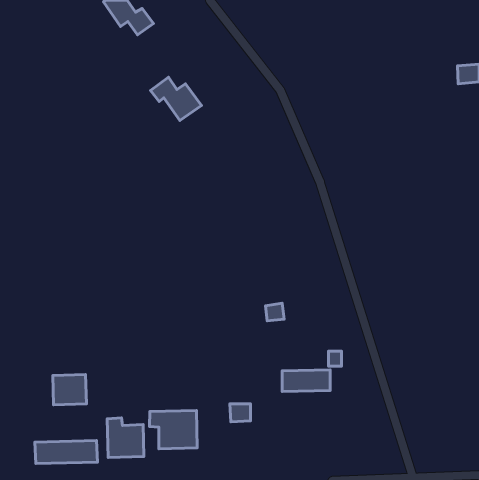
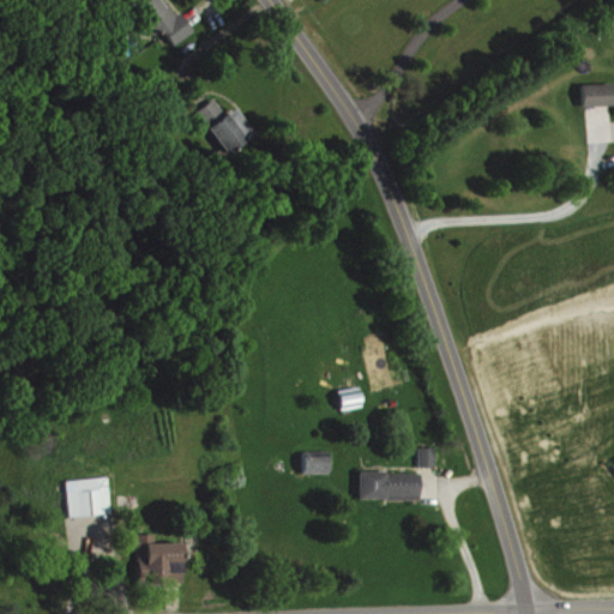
building: [230,404,250,422] -> [303,452,330,475]
building: [150,410,197,449] -> none
building: [35,441,97,464] -> none

